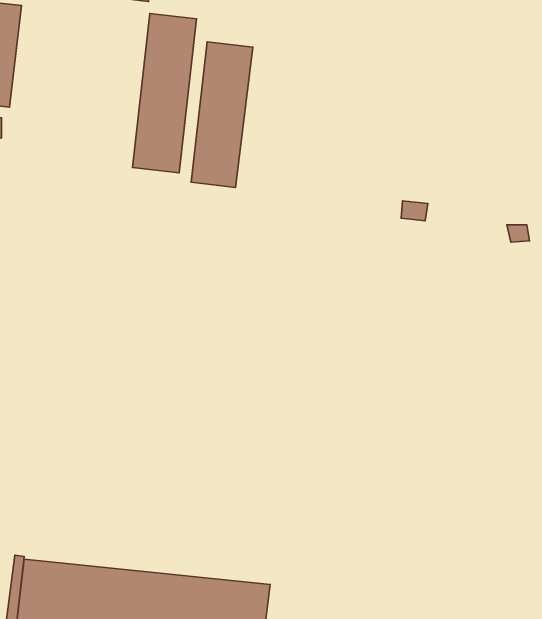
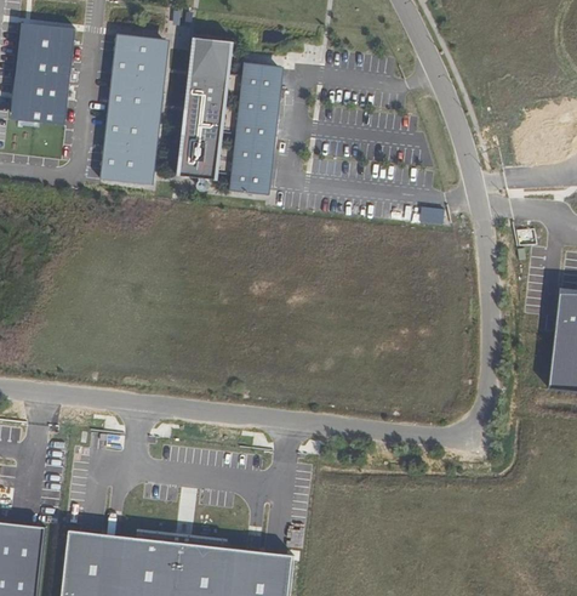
building: none -> [99,34,170,185]

